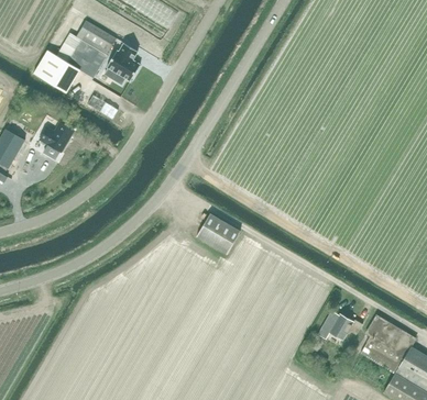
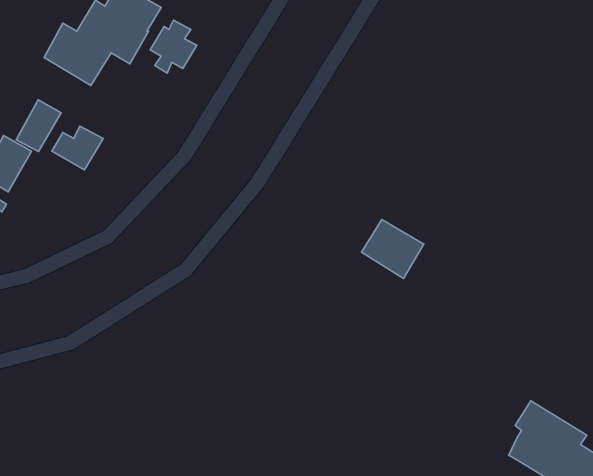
building: none -> [16,100,61,152]
building: [196,213,240,255] -> [361,219,424,279]
building: [317,311,362,341] -> none

